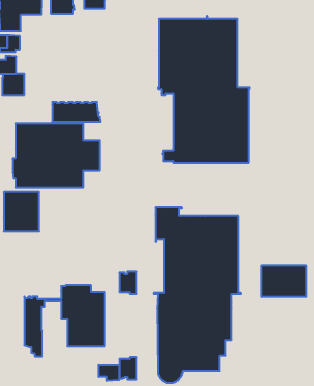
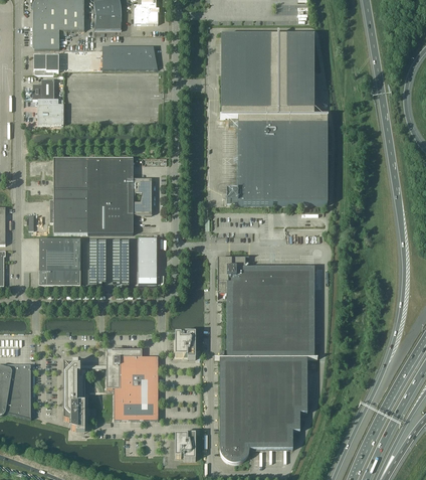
building: [52,102,100,122] -> [102,45,159,68]
building: none -> [138,238,157,279]
building: none -> [89,239,105,286]
building: none -> [113,239,129,285]
building: [262,265,306,297] -> none
building: [98,365,119,381] -> none

